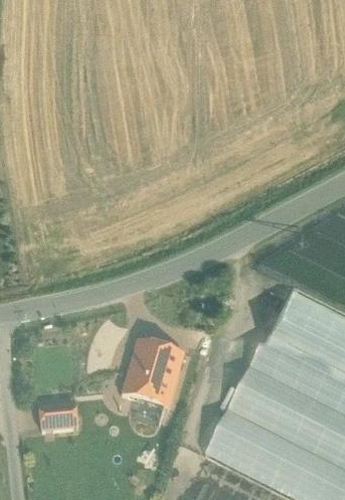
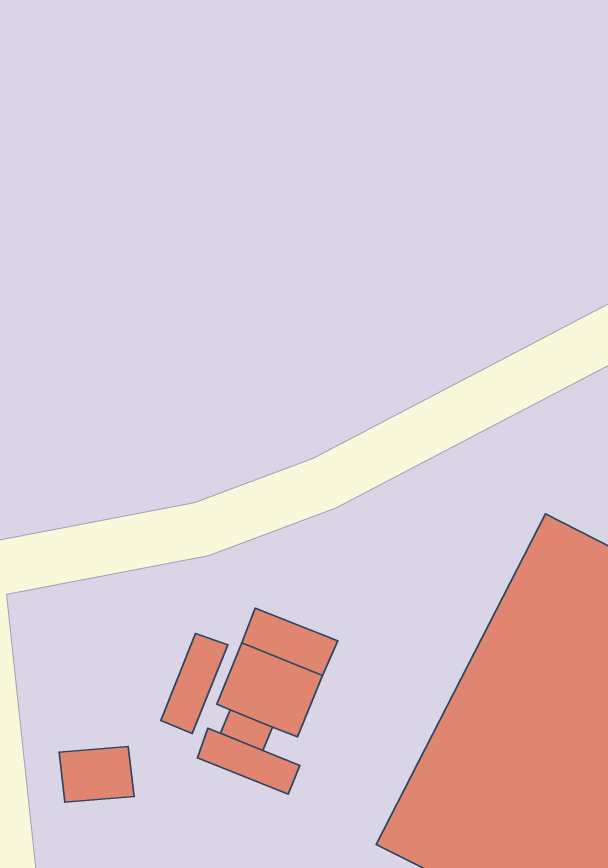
building: none -> [161,633,228,733]
building: none -> [198,728,300,794]

